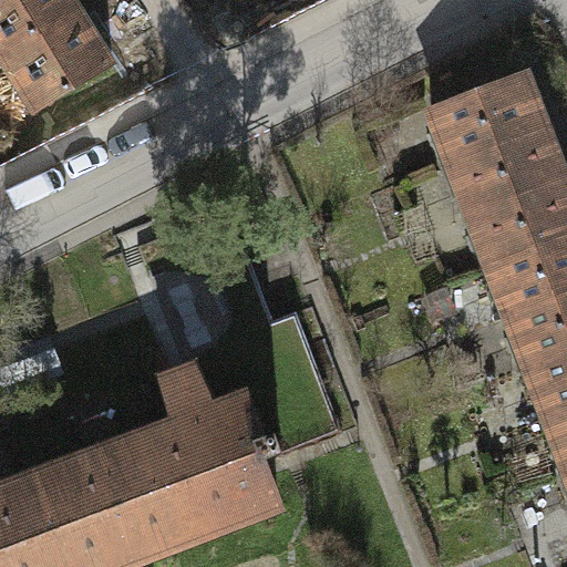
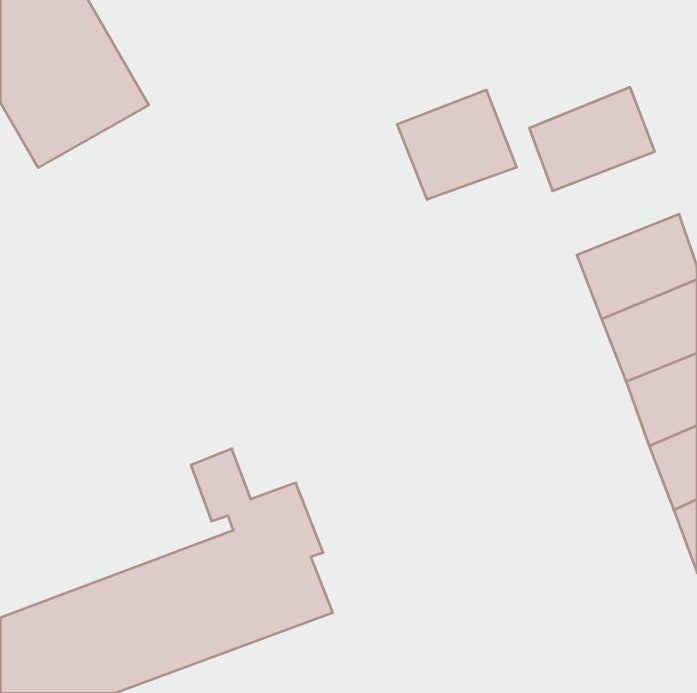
building: none -> [397,90,517,200]
building: [449,123,551,207] -> none

